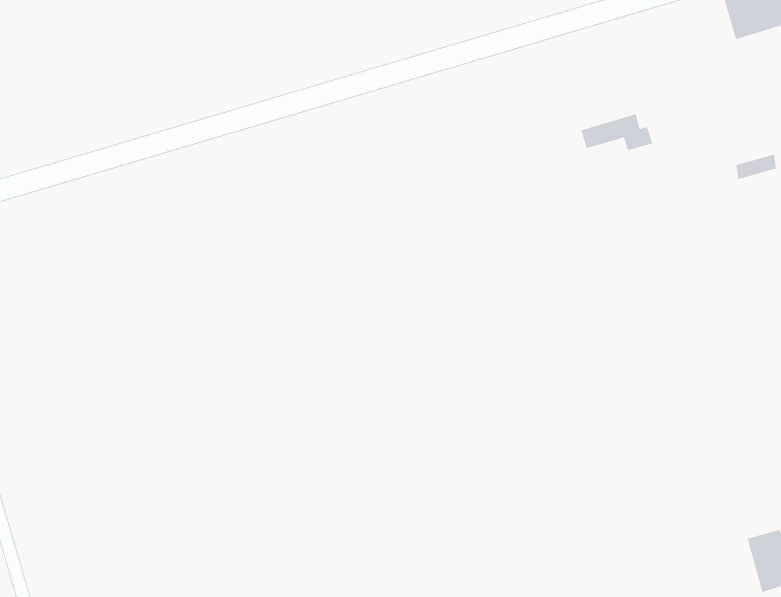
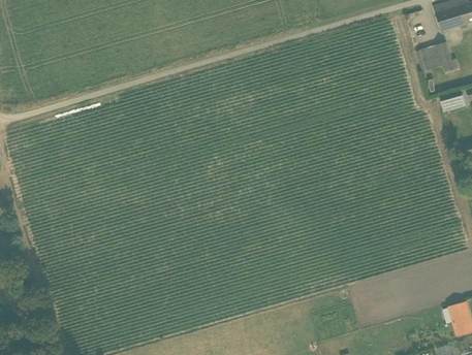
building: [580,113,653,151] -> [419,51,460,71]

